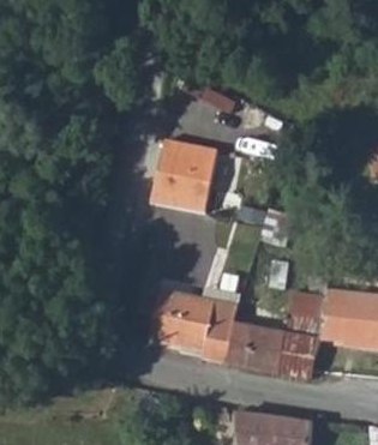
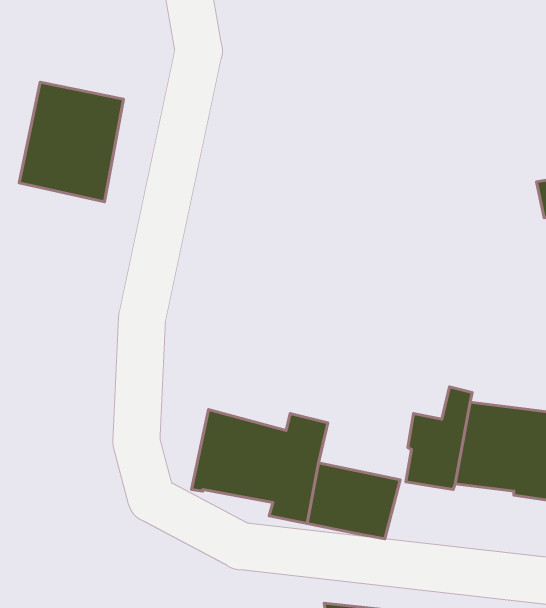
building: [150,140,216,216] -> [19,82,124,202]
building: [272,336,316,380] -> none

